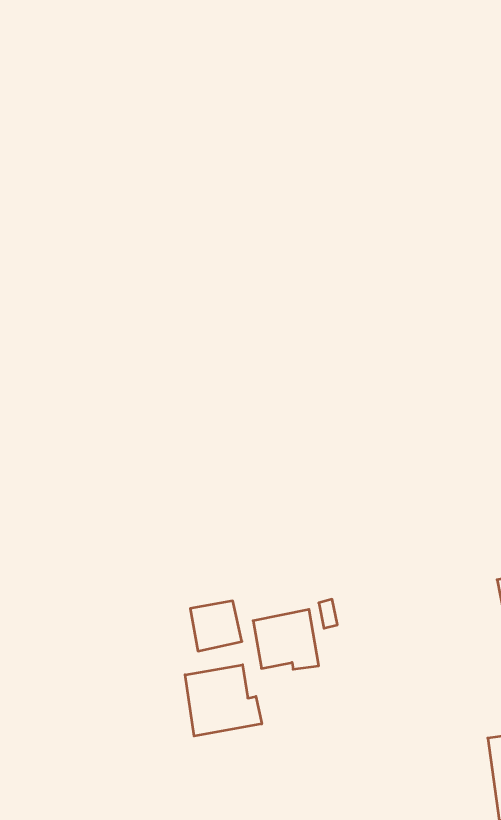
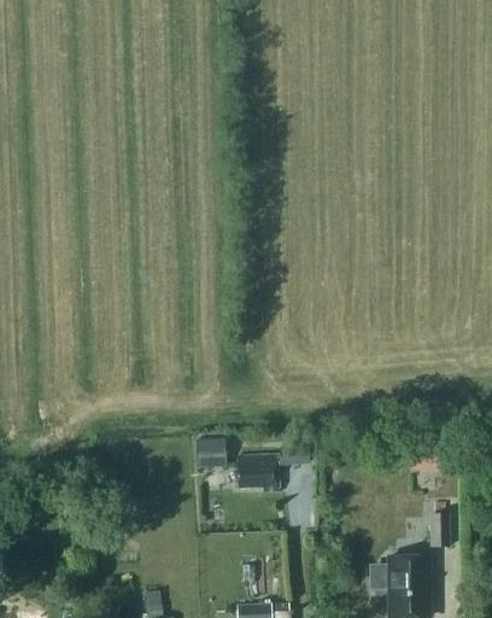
building: [185,665,262,736] -> none

